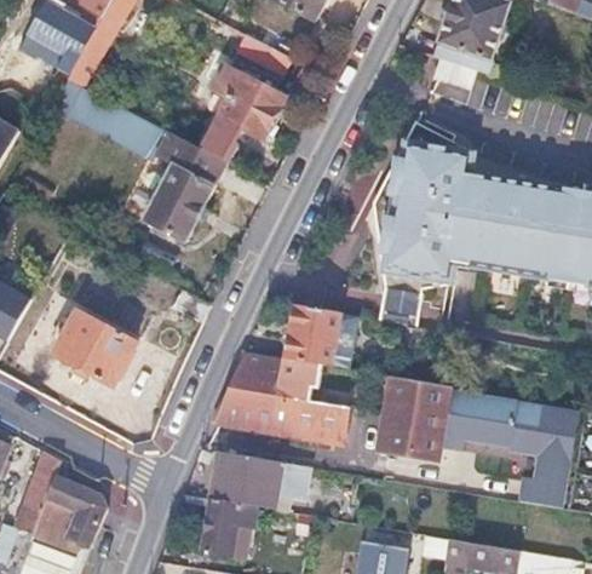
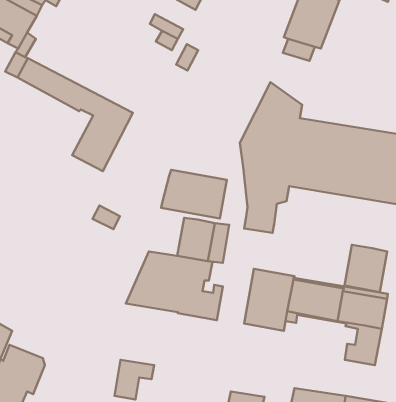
building: [206,68,283,147] -> none
building: none -> [161,170,227,219]
building: [54,312,136,386] -> none
building: none -> [345,245,387,292]
building: [209,452,286,512] -> none

